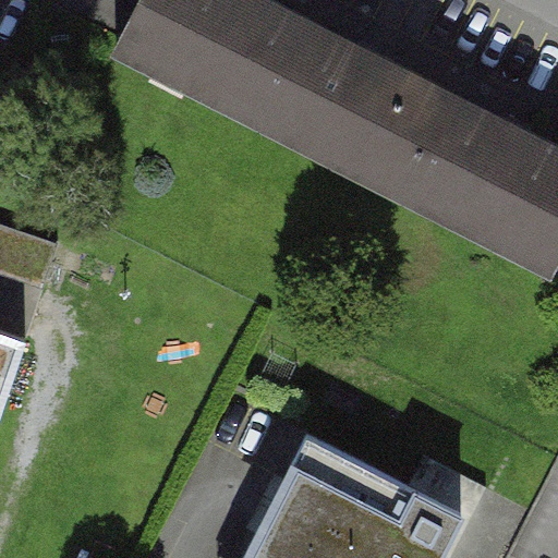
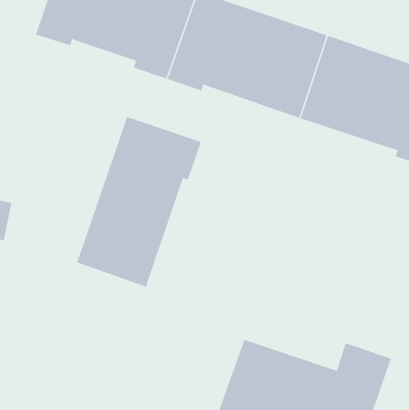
building: none -> [76,116,202,288]

